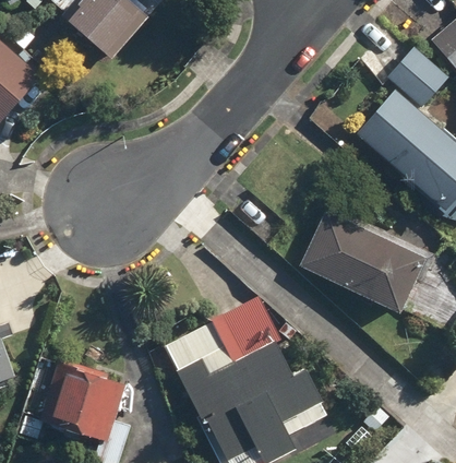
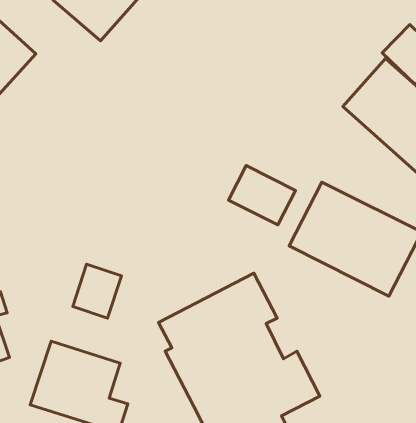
building: none -> [228,165,295,225]
building: none -> [73,264,122,318]

